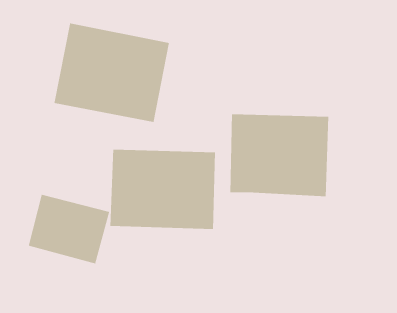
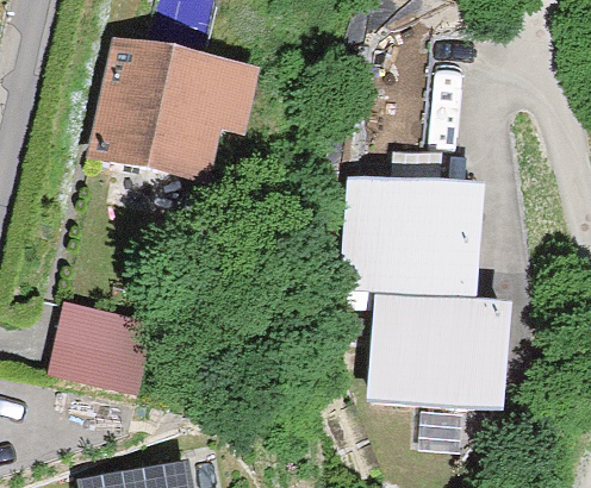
building: [109,149,216,230] -> none
building: none -> [368,289,508,402]

